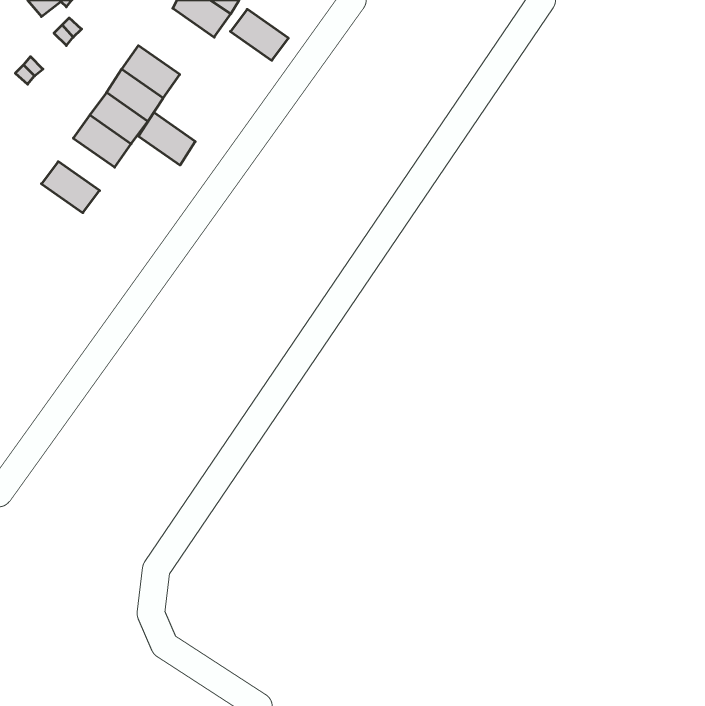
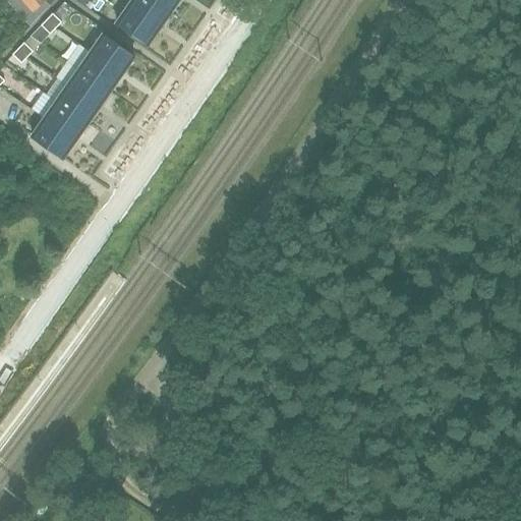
building: [230,9,288,60] -> [115,6,158,44]
building: [139,113,195,165] -> [43,102,84,140]

